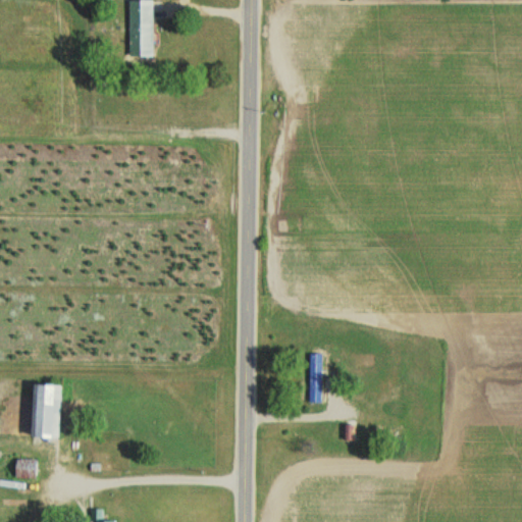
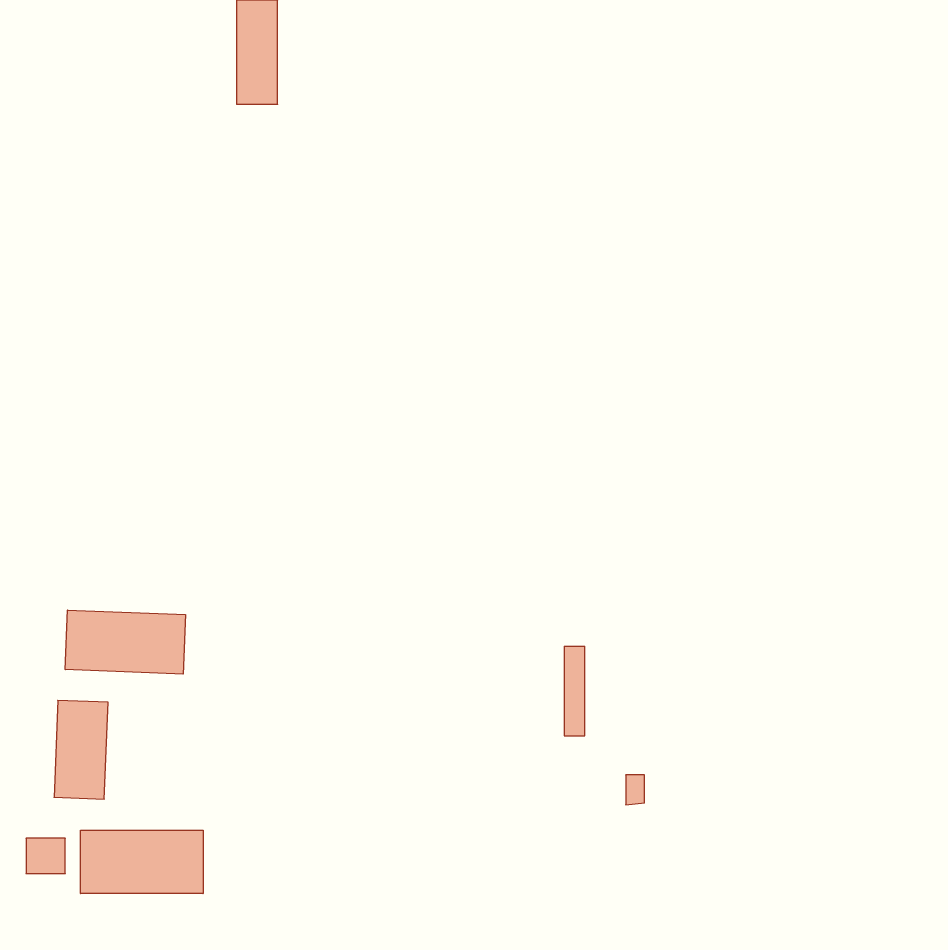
building: none -> [65,610,185,674]
building: none -> [81,830,203,894]

